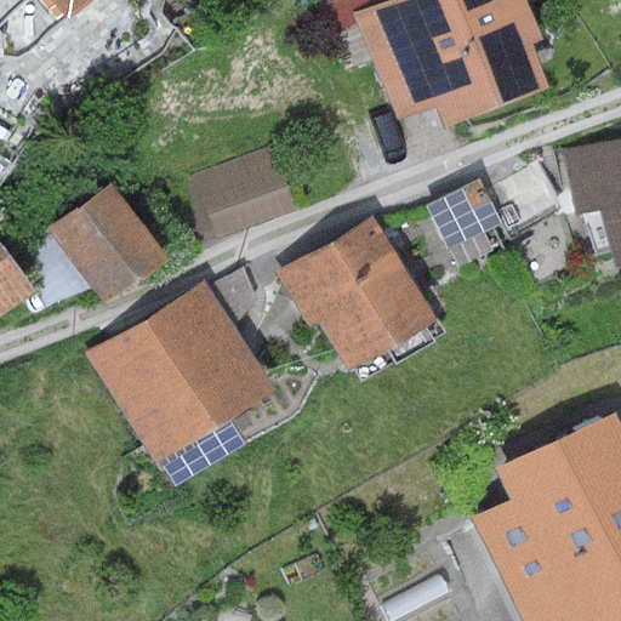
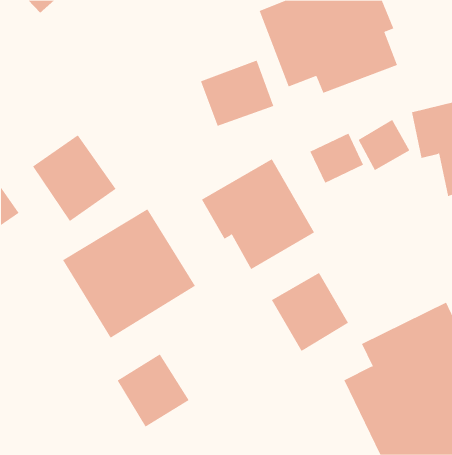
building: [195,148,296,239] -> [200,60,274,127]
building: none -> [271,272,349,352]
building: none -> [117,354,190,428]

